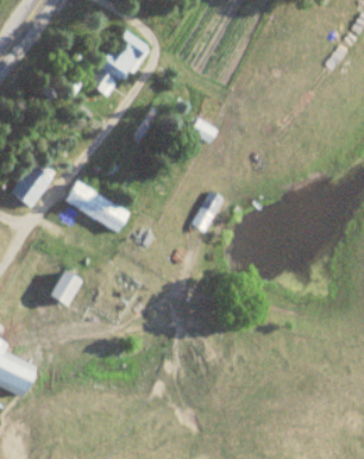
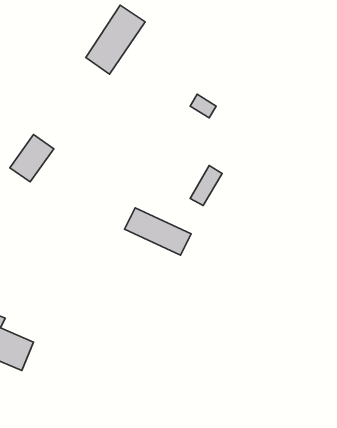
building: [65,183,132,231] -> [125,208,191,255]
building: [51,271,81,304] -> none

